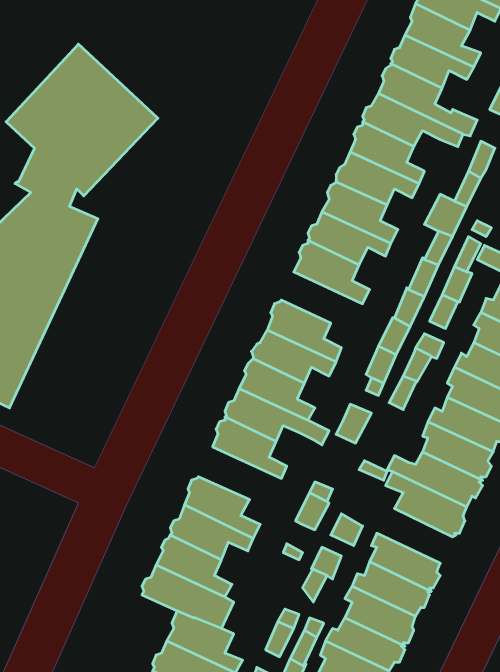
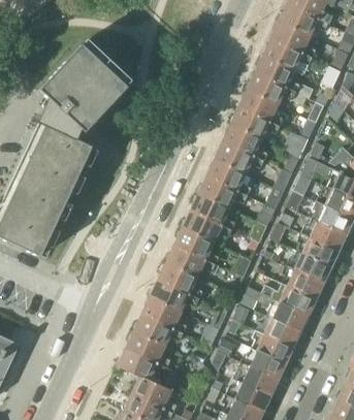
building: none -> [198,176,247,206]
building: none -> [150,279,199,310]
building: none -> [255,315,301,347]

